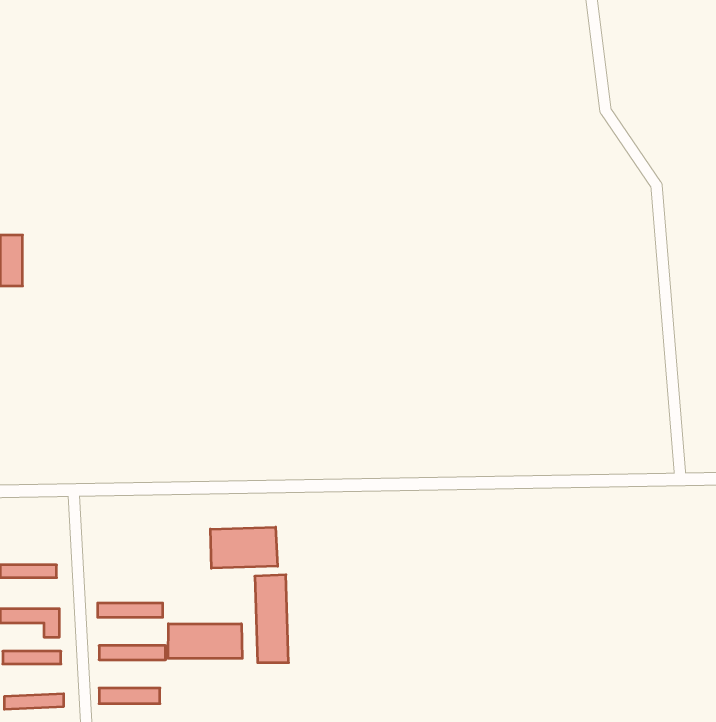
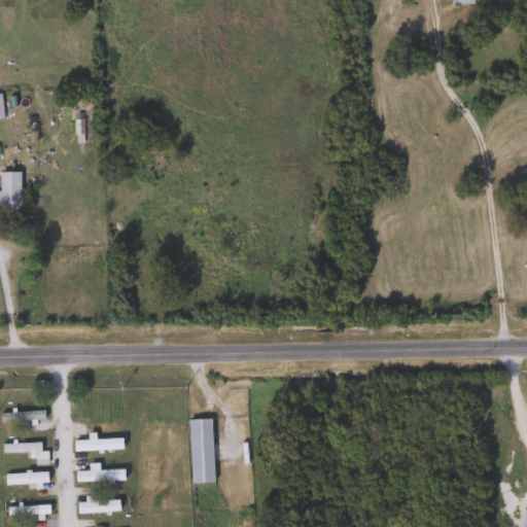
building: [210,527,278,568] -> none
building: [168,624,242,658] -> none

